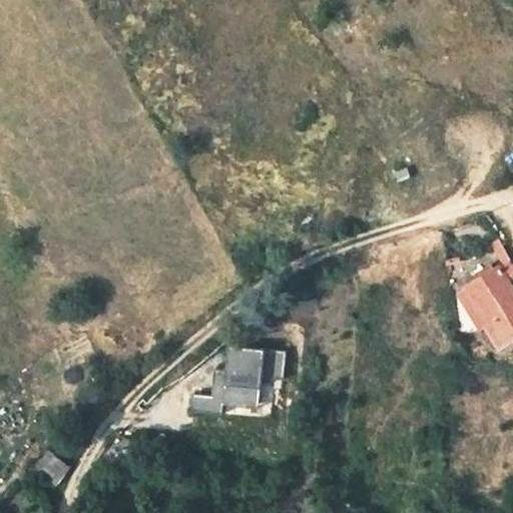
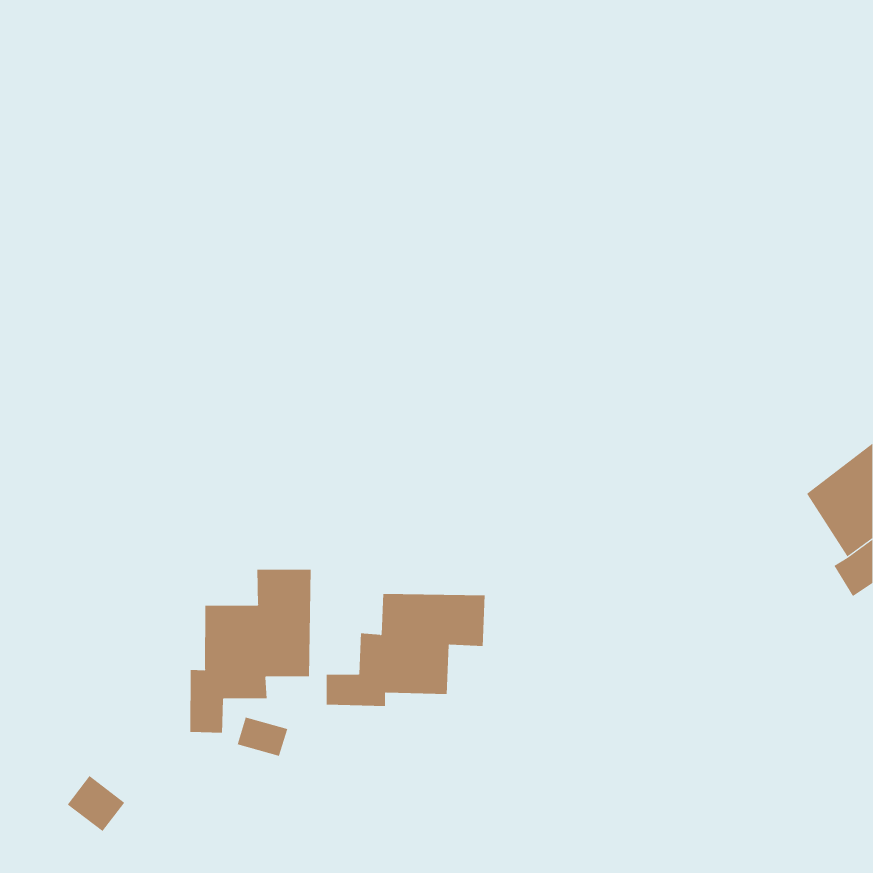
building: none -> [190,569,311,734]

